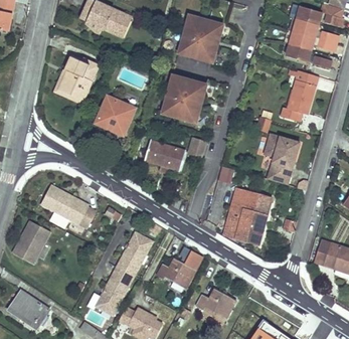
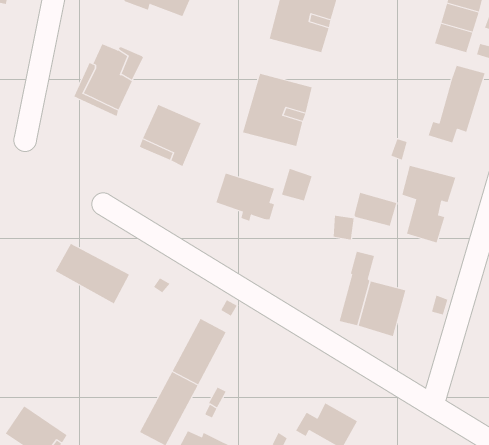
building: [242,193,271,215] -> [353,192,397,226]
building: [12,220,49,264] -> none
building: [155,258,195,288] -> none

